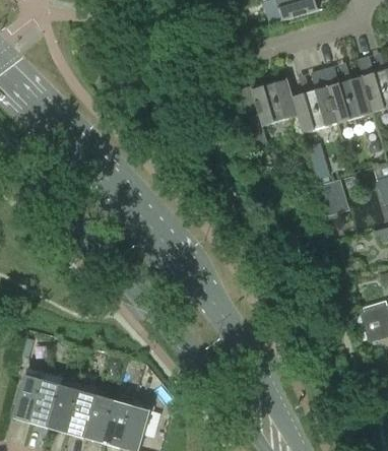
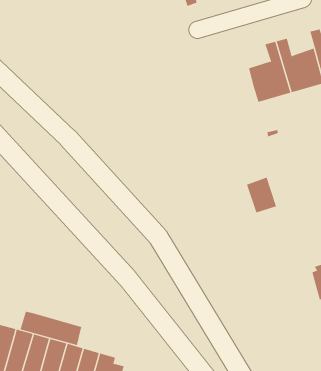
building: [247,78,298,146] -> none
building: [318,176,350,214] -> [246,177,277,213]
building: none -> [20,311,82,346]

